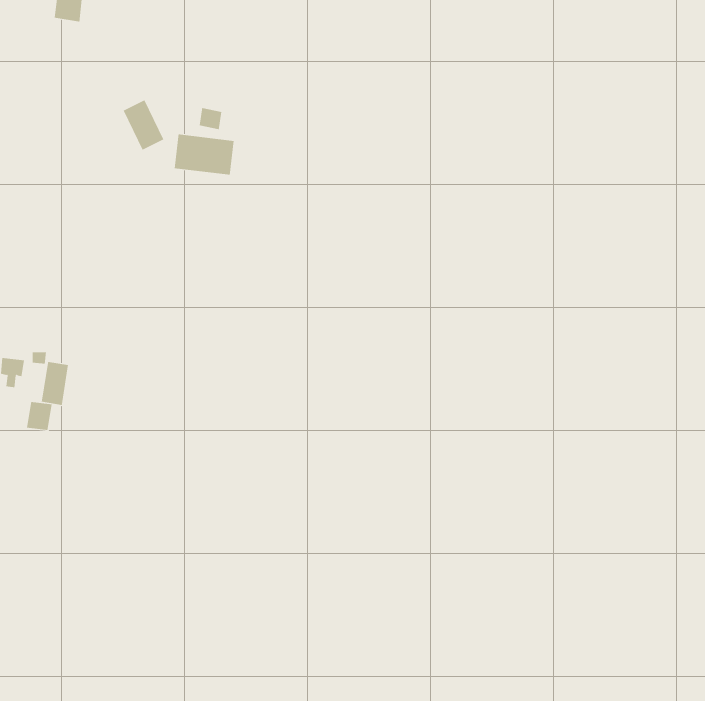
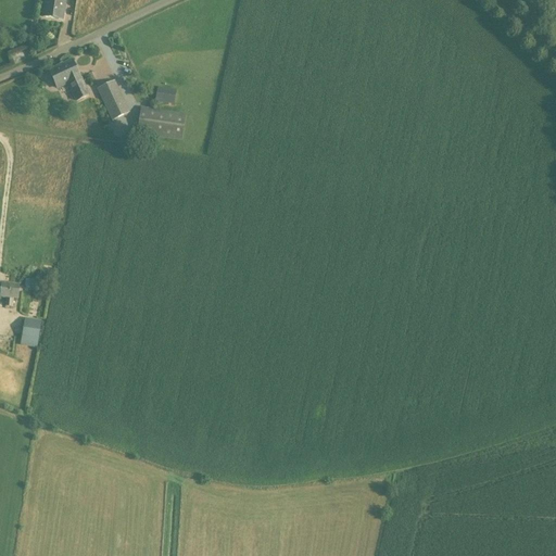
building: none -> [49,58,89,100]
building: [41,361,68,406] -> none

